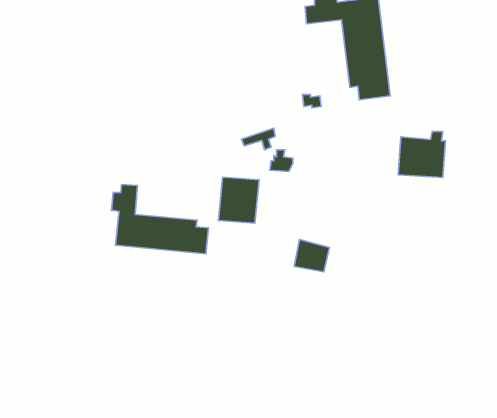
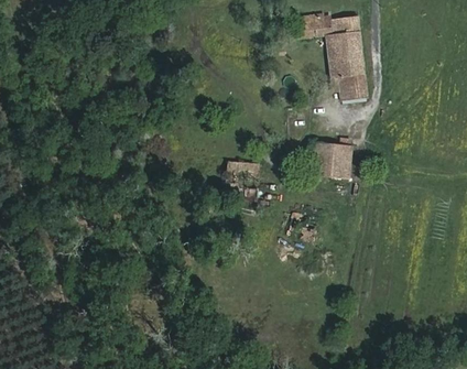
building: [398,131,446,178] -> [313,139,351,176]
building: [112,185,208,254] -> none

